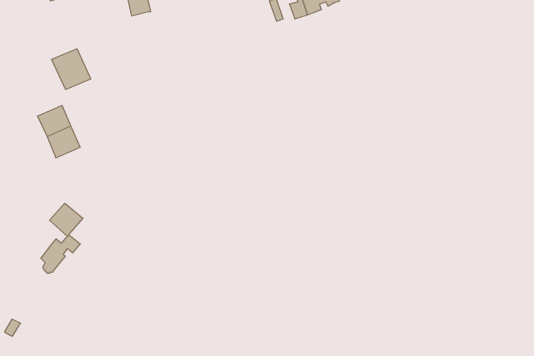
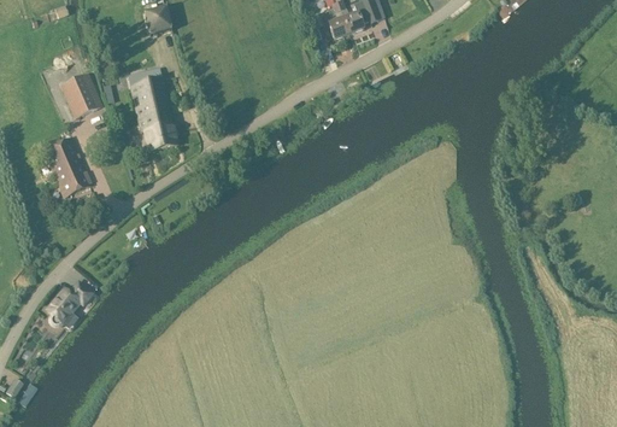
building: none -> [130,76,178,150]
building: [50,203,83,236] -> none

